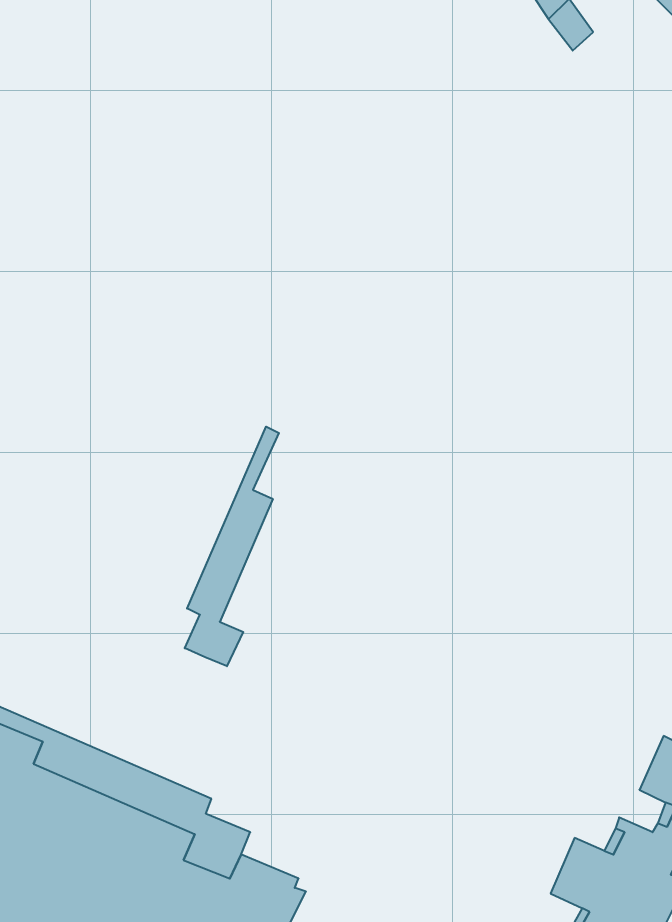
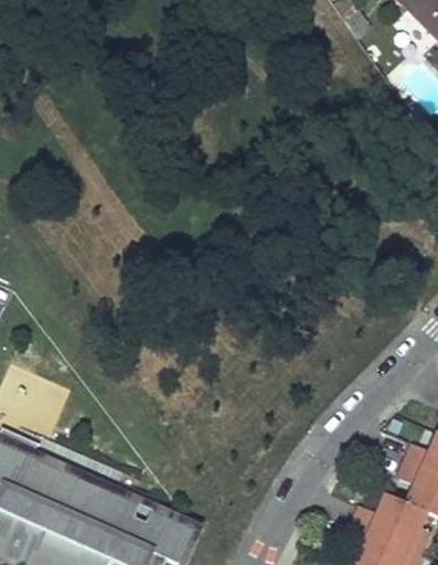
building: [185,427,279,666] -> none

